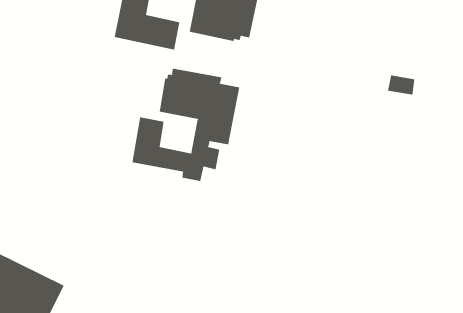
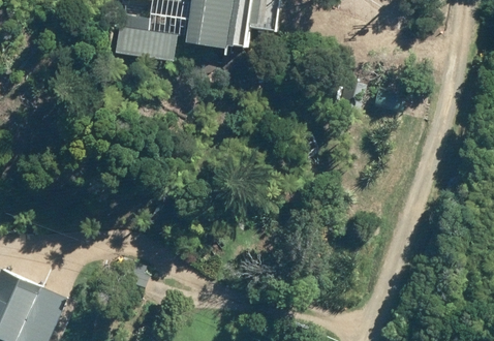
building: [132,68,240,182] -> none

